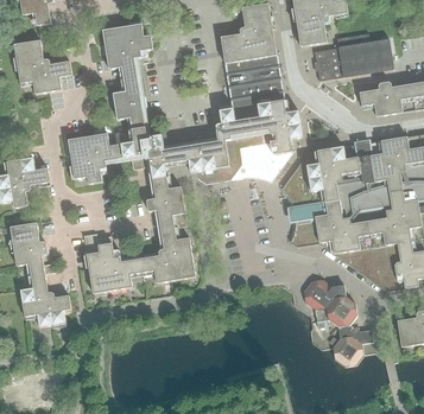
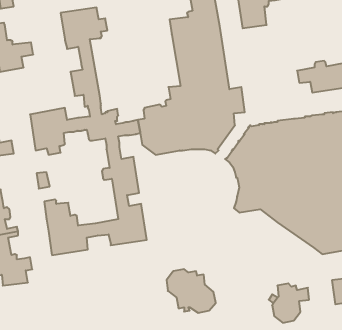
building: [314,32,393,79] -> none
building: [303,278,356,325] -> [167,269,216,313]

